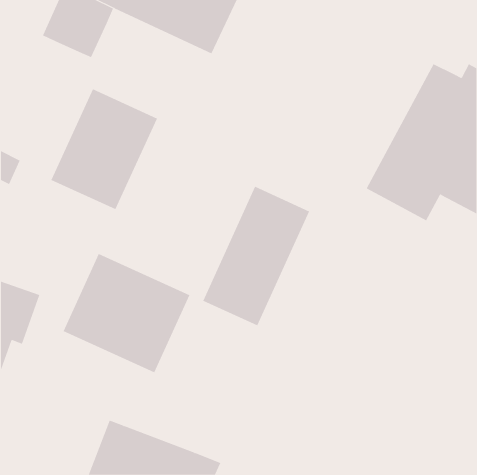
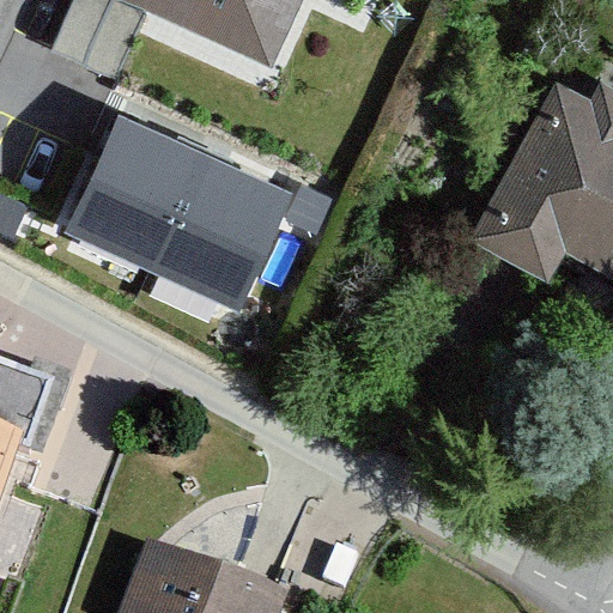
building: none -> [148,152,293,311]
building: [203,186,310,326] -> none
building: [63,253,190,373] -> none

